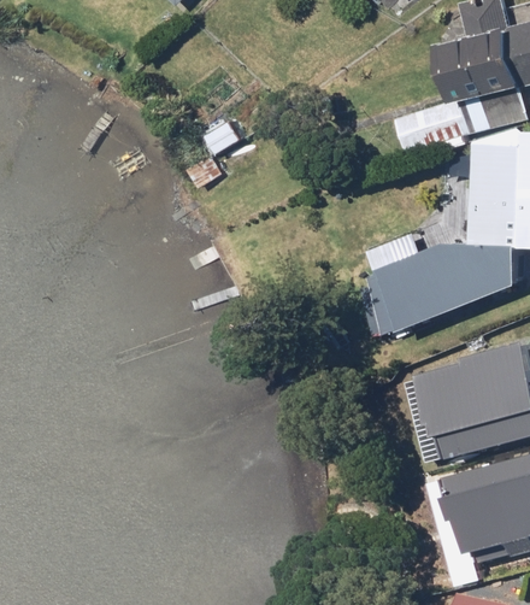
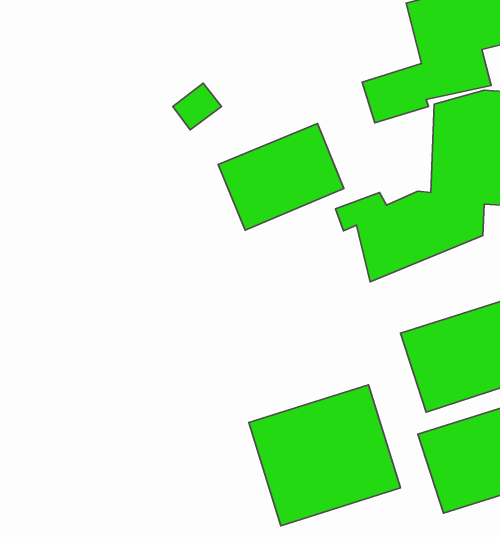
building: none -> [218,124,344,230]
building: none -> [249,385,400,526]

